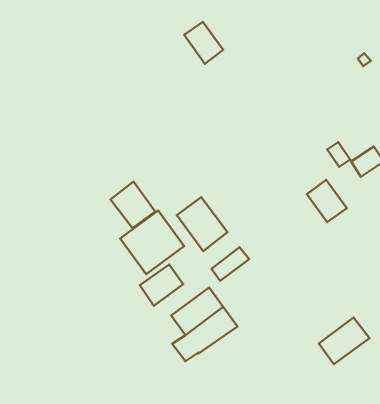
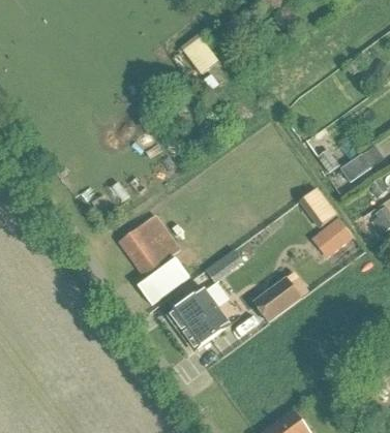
building: [110,182,155,228] -> none
building: [177,197,227,251] -> none
building: none -> [319,218,353,252]
building: [319,318,370,364] -> [253,278,302,322]

